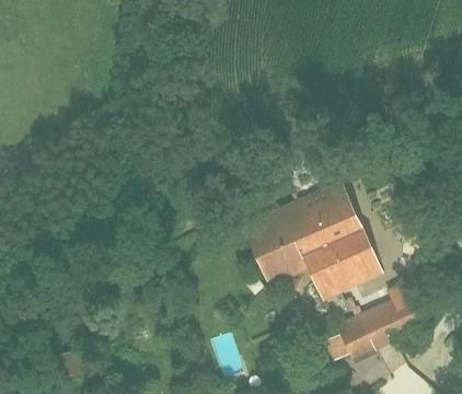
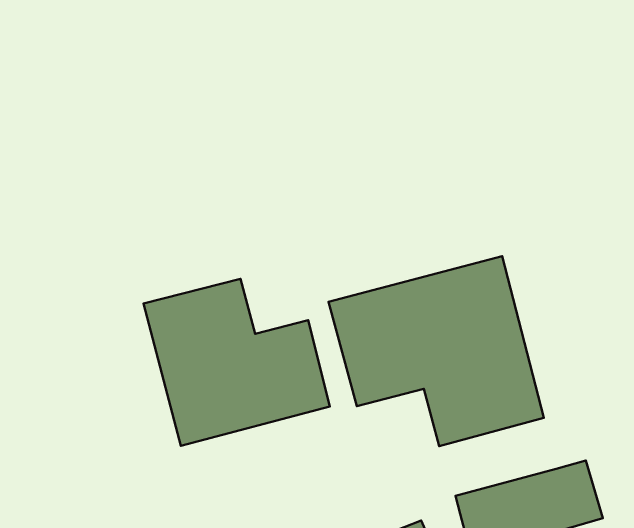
building: none -> [143,279,330,446]

